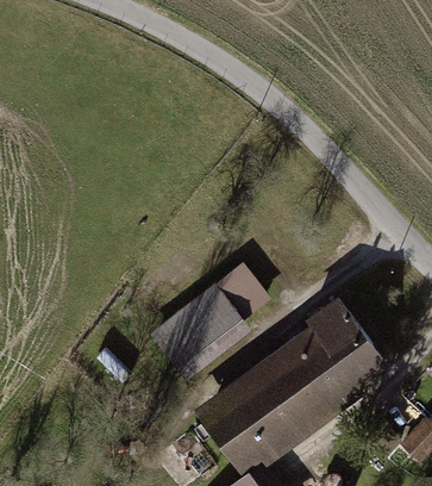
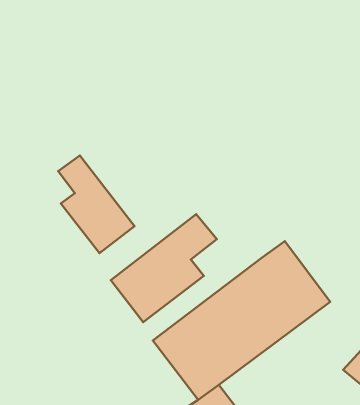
building: none -> [58,155,135,253]

